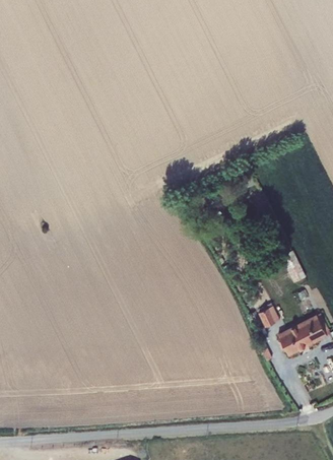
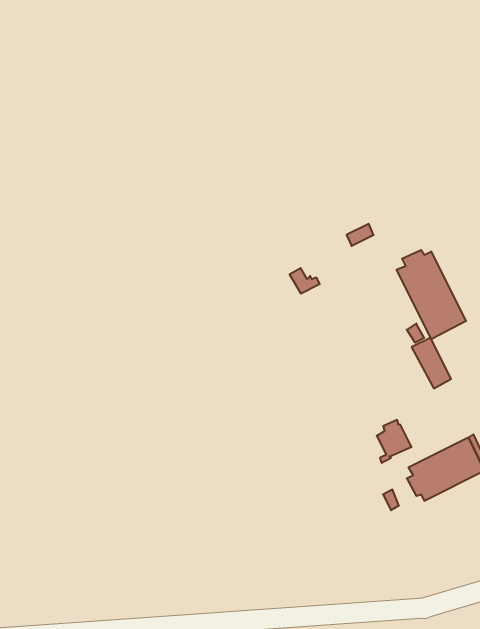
building: none -> [397,250,466,339]

